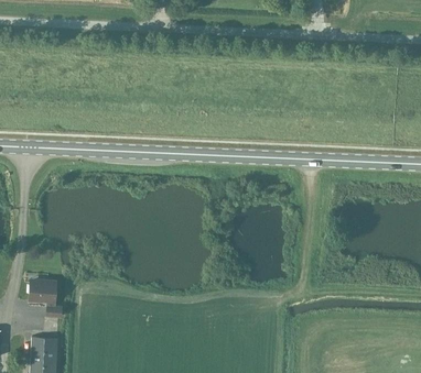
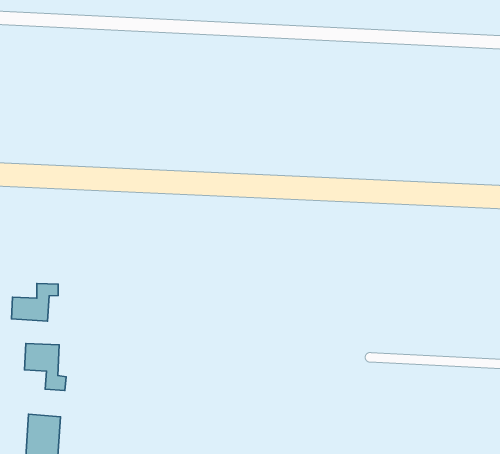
building: none -> [11,283,58,321]

